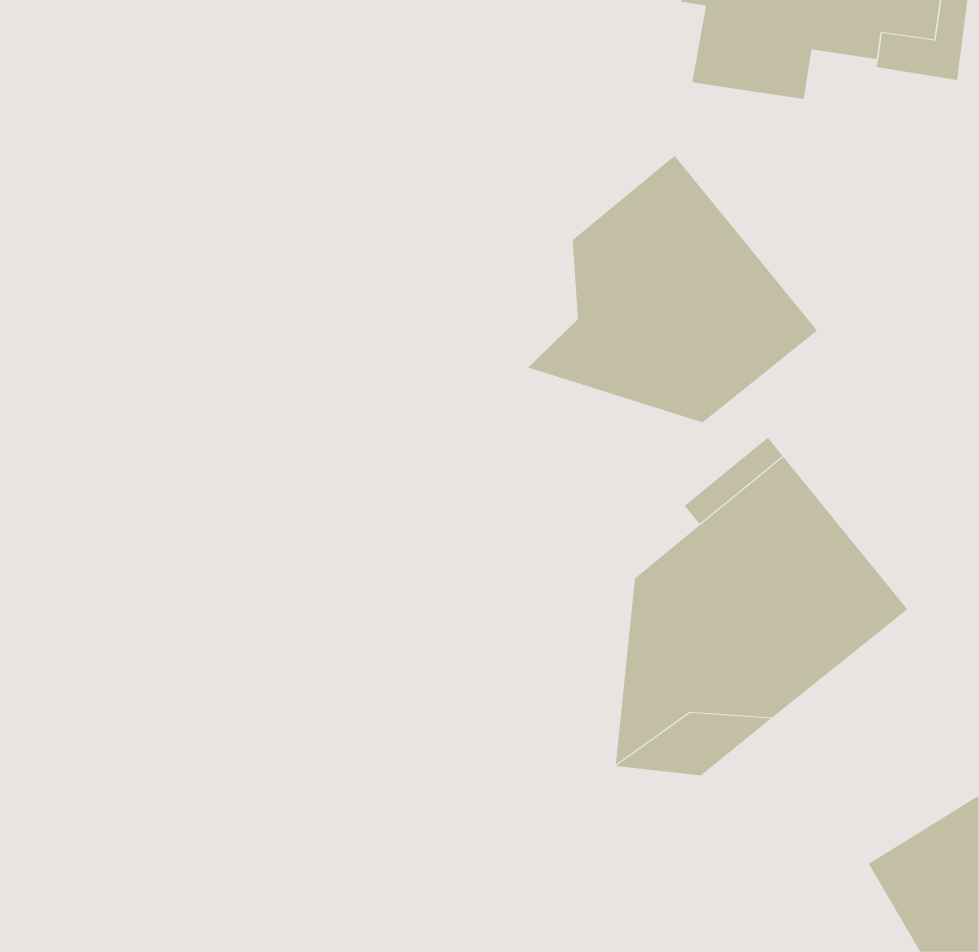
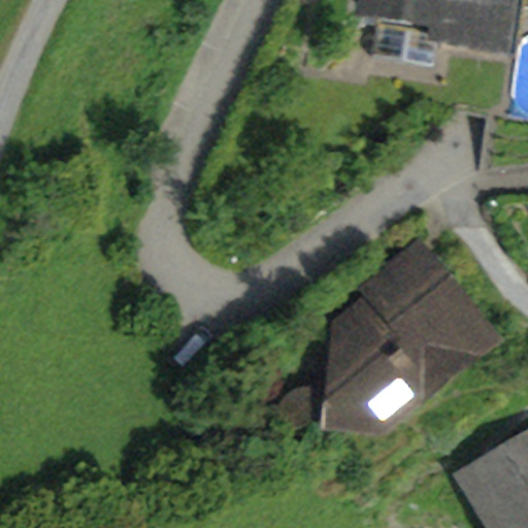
building: [527,155,818,423] -> none

